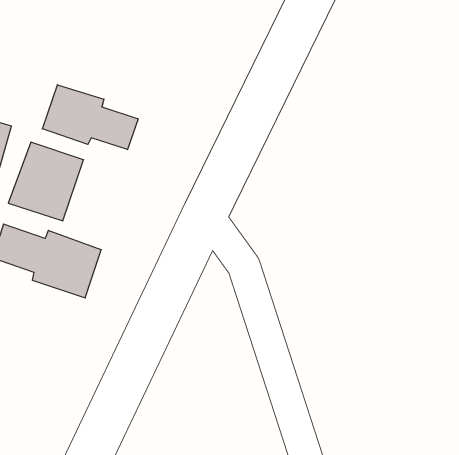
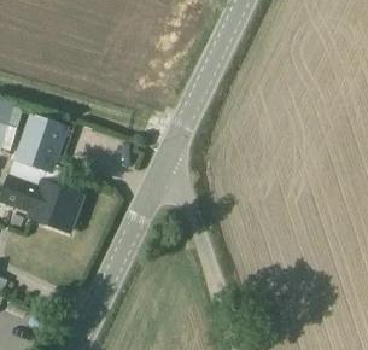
building: [42,85,138,150] -> none

